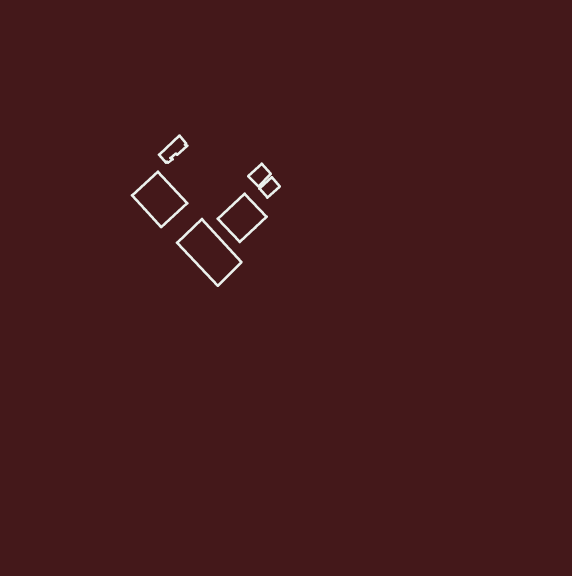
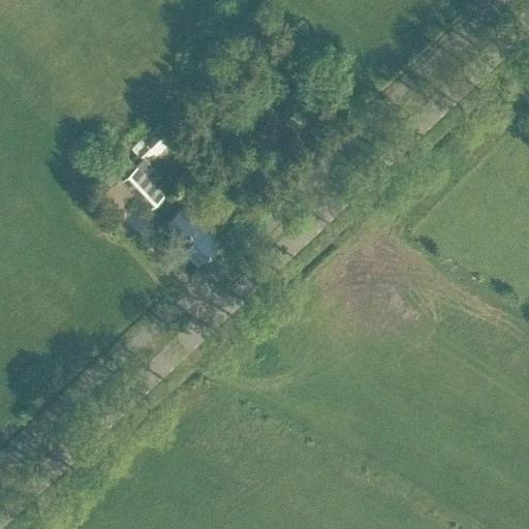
building: [218,194,267,242] -> none

